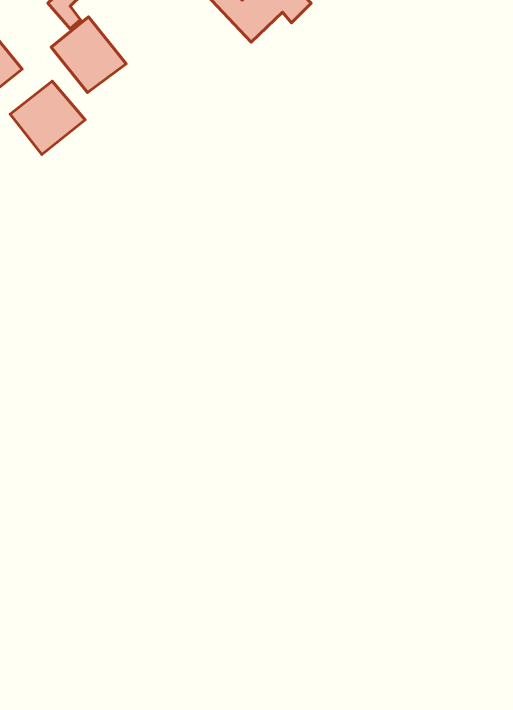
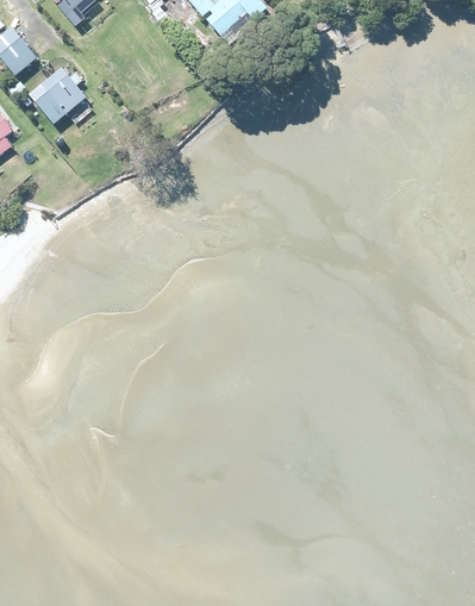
building: [51,17,126,92] -> none

